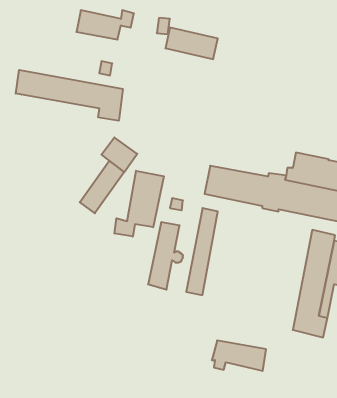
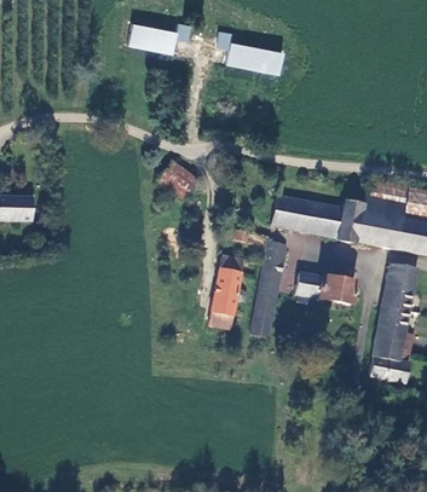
building: [16,70,123,121] -> none
building: [80,161,124,213] -> none
building: [115,171,164,237] -> none
building: [212,340,266,371] -> [294,273,354,307]

